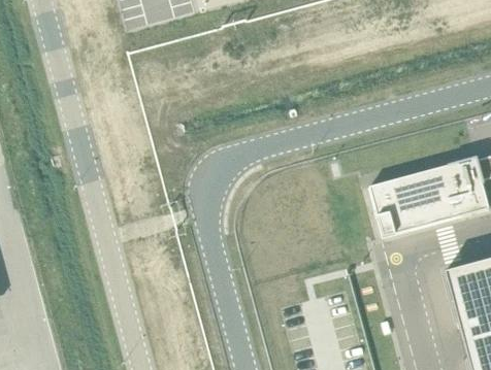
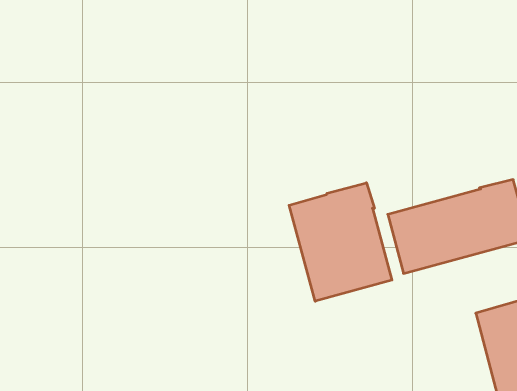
building: none -> [289,183,392,301]

